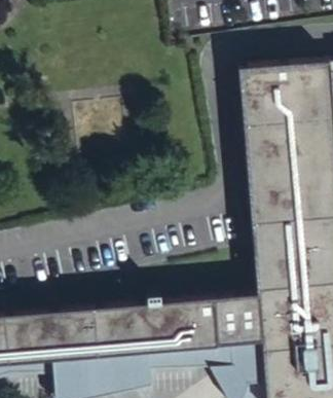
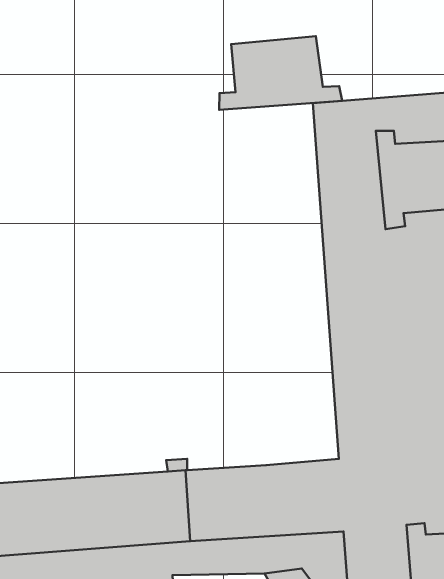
building: none -> [219,36,342,110]

